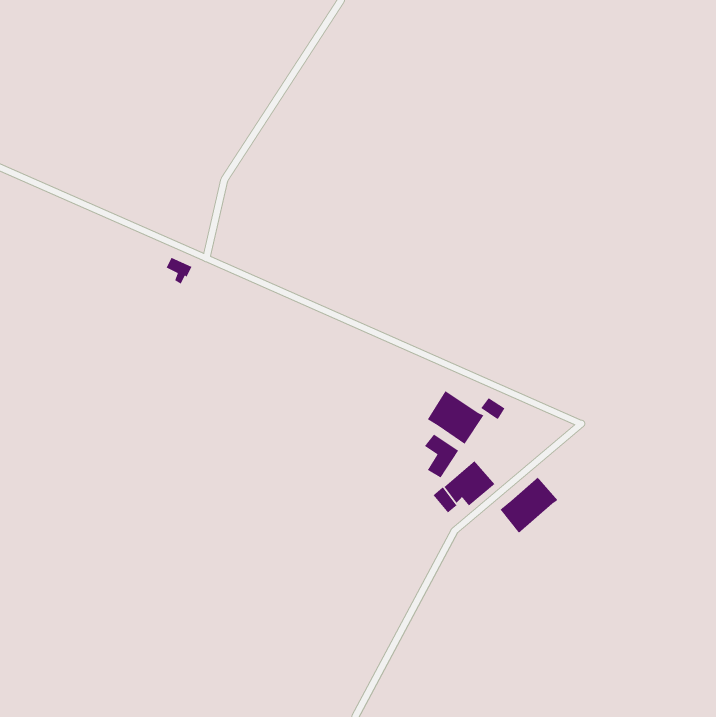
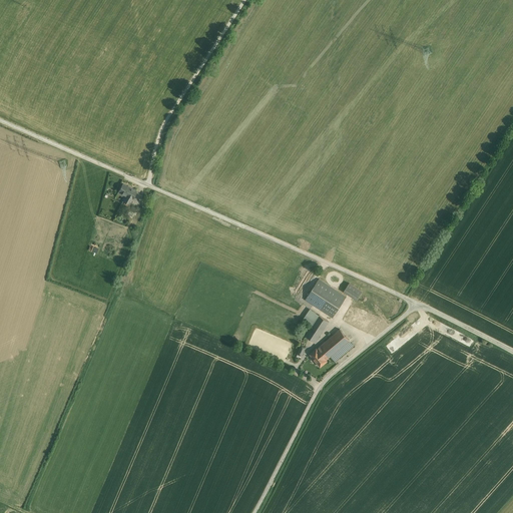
building: [500,476,559,534] -> none

